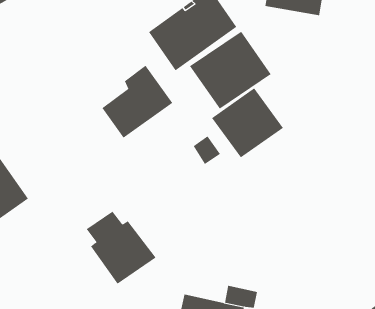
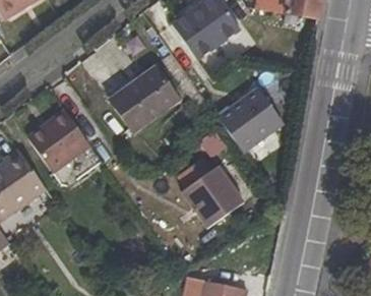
building: [189,31,272,110] -> none
building: none -> [27,110,88,171]
building: [86,211,156,285] -> [178,158,244,227]

